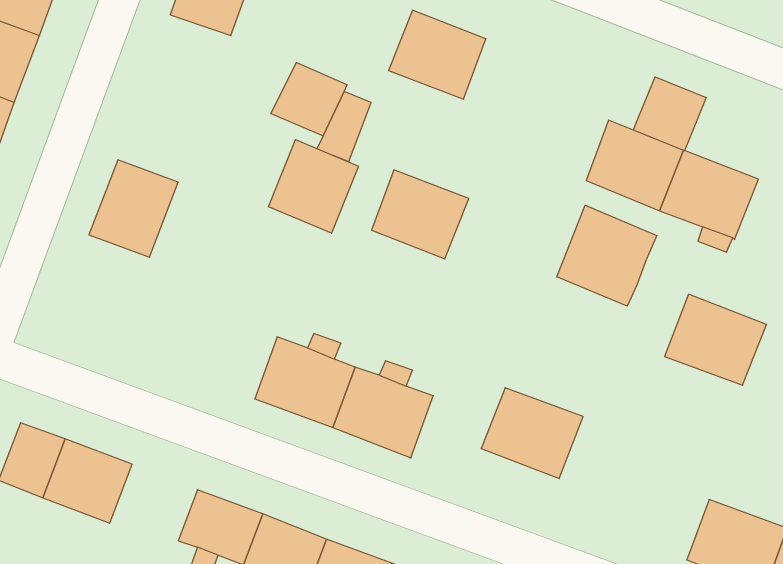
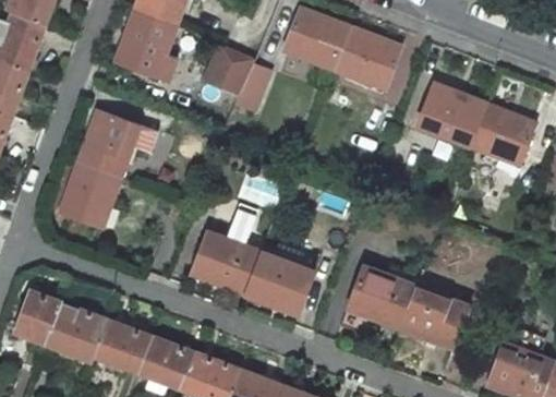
building: none -> [116,11,176,81]
building: [633,77,706,151] -> none
building: [269,140,358,233] -> none
building: [372,170,469,259] -> [335,27,401,88]
building: [557,205,657,306] -> none
building: none -> [60,161,120,228]
building: [665,294,767,385] -> [400,286,470,348]
building: none -> [95,318,153,371]

